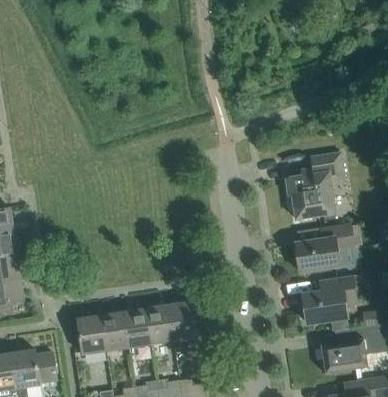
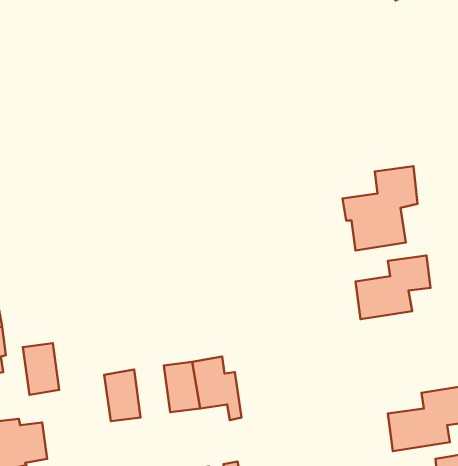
building: [303,275,355,324] -> none
building: [123,308,151,348] -> none
building: [77,315,105,355] -> [23,343,59,395]

